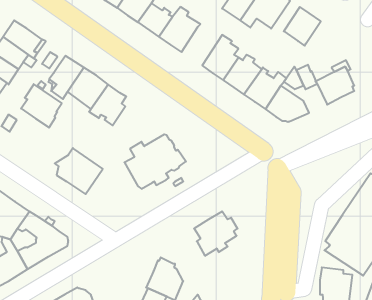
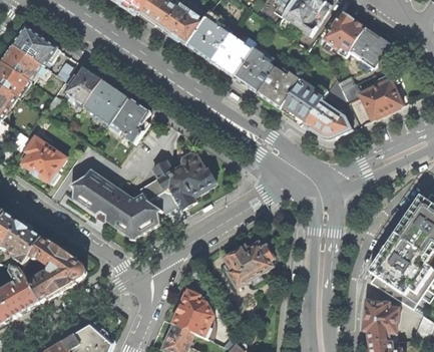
building: none -> [349,27,390,65]
building: none -> [210,33,256,76]
building: [21,84,62,128] -> [21,135,66,184]
building: none -> [104,184,162,238]

